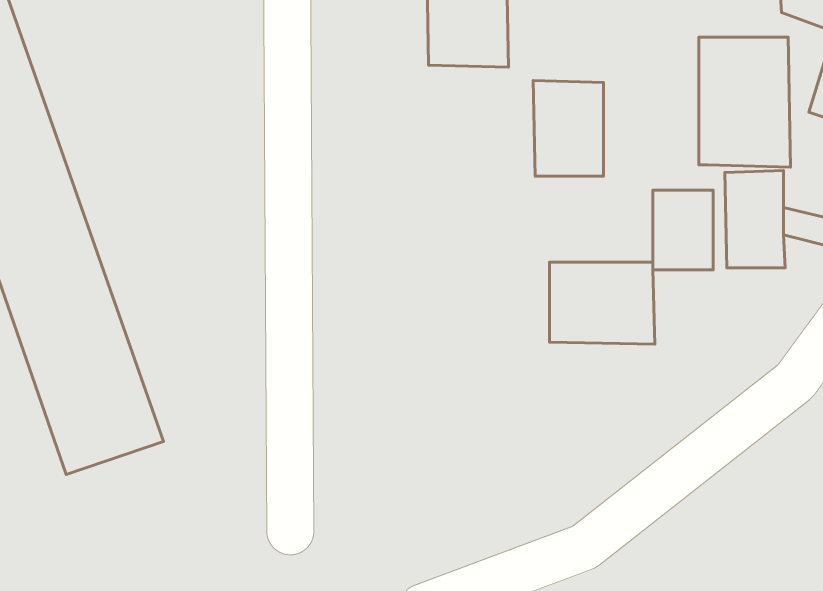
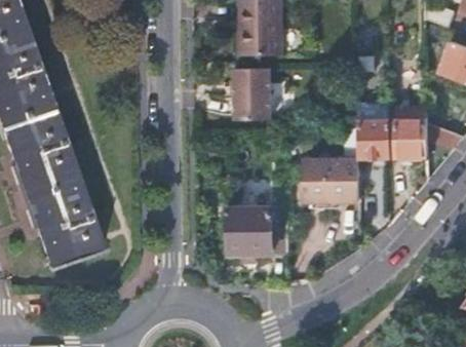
building: [699,37,790,167] -> none
building: [533,81,603,176] -> [235,67,272,117]
building: none -> [227,208,288,256]

